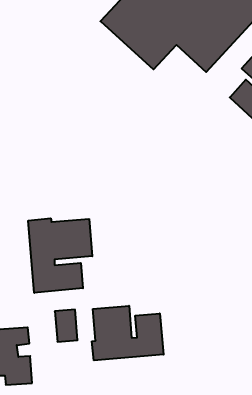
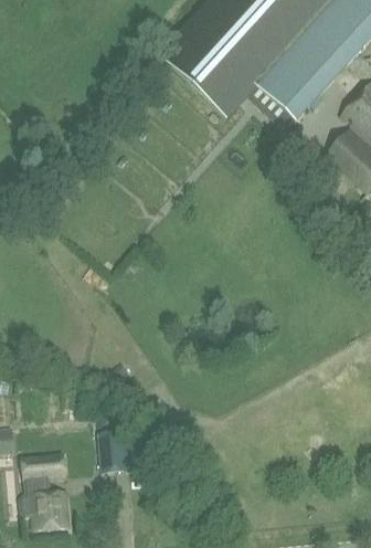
building: [28,218,92,293] -> none
building: [92,306,164,360] -> none

